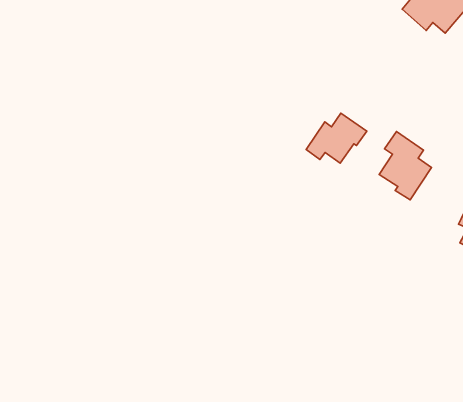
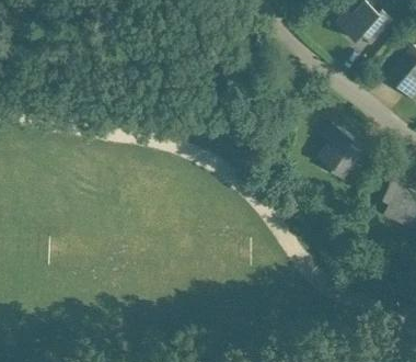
building: [306,113,367,163] -> none

